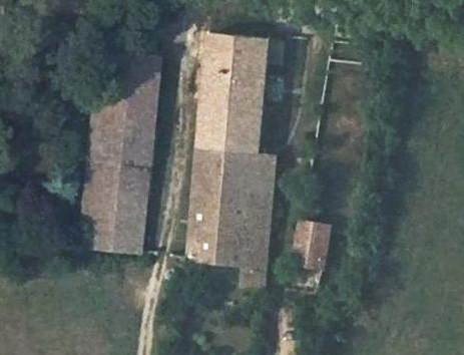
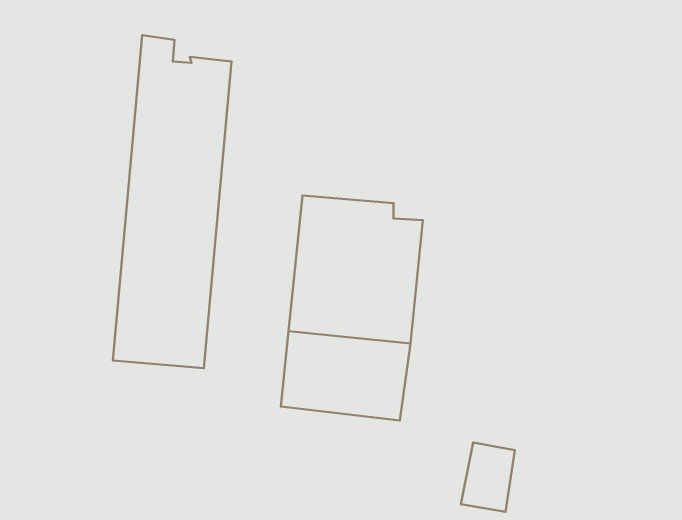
building: [201,36,271,143] -> none
building: [296,221,331,266] -> [461,443,515,512]

